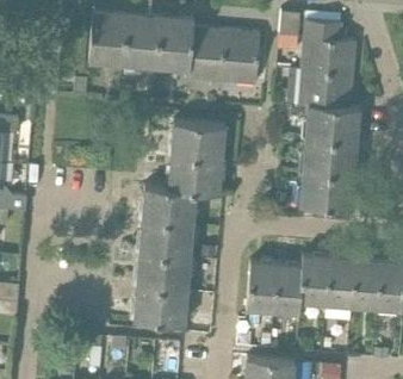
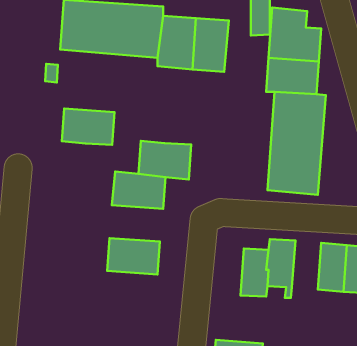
building: [172,122,225,159] -> [62,109,115,145]
building: [140,220,194,257] -> none
building: [326,256,355,306] -> none
building: [247,262,277,312] -> none
building: [135,287,188,325] -> none

